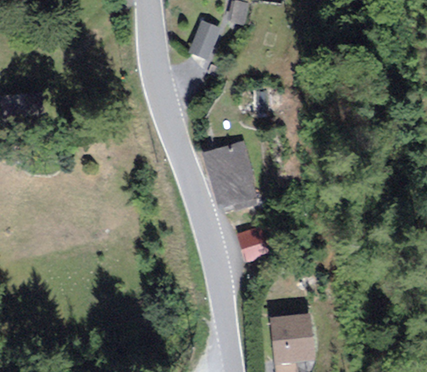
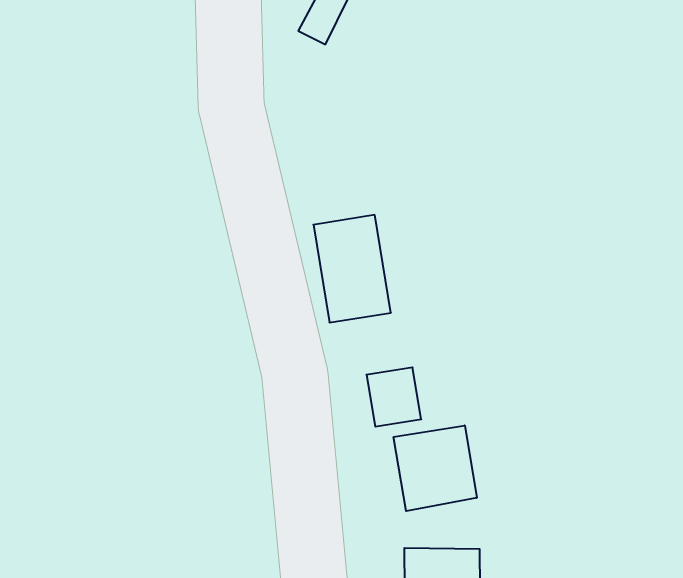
building: none -> [394,425,477,511]

